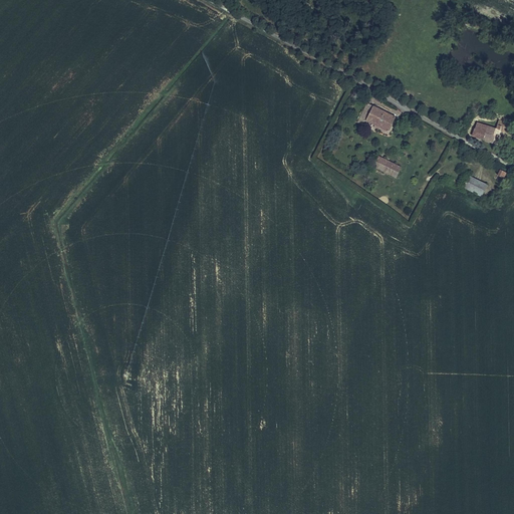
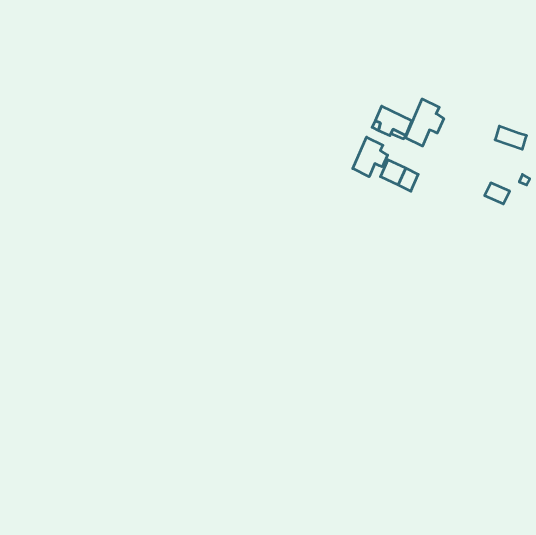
building: none -> [405,99,444,146]
building: none -> [353,137,388,177]

